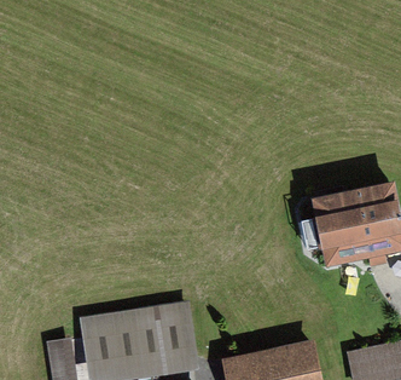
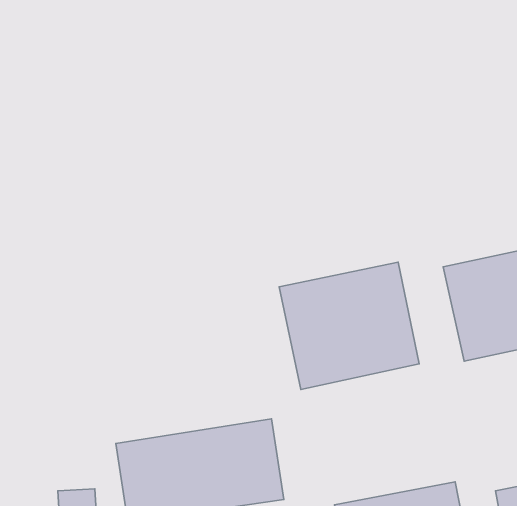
building: none -> [279,262,419,389]

